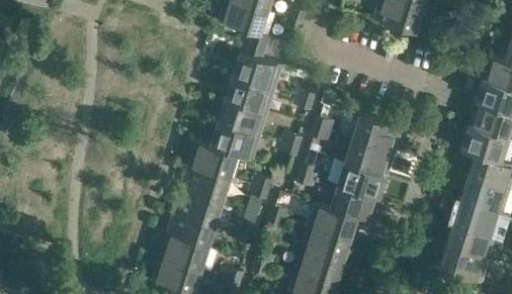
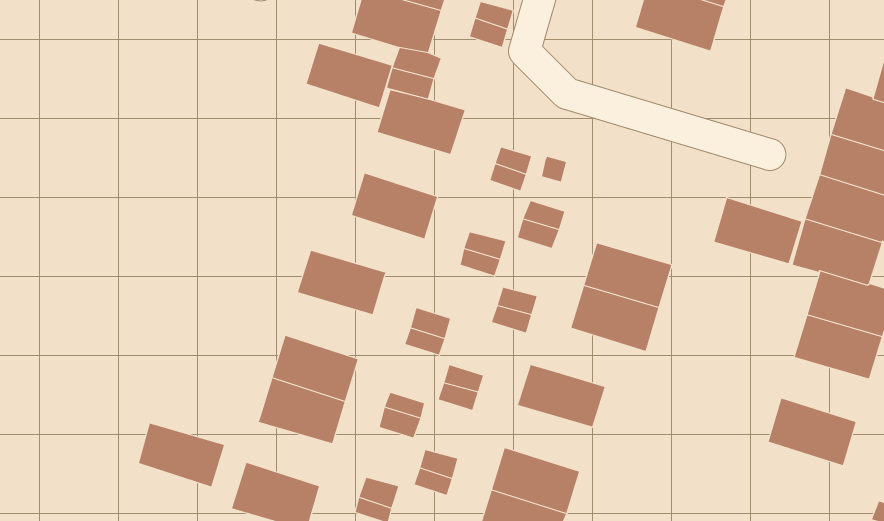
building: [226,79,273,114] -> [306,43,392,108]
building: [353,115,402,152] -> [714,197,802,264]
building: [211,124,259,163] -> none
building: [182,167,231,203] -> none
building: [331,186,380,224] -> none
building: [454,202,503,237] -> none
building: [303,228,351,265] -> none
building: [161,237,208,273] -> [138,423,225,487]
building: [440,249,489,284] -> none

